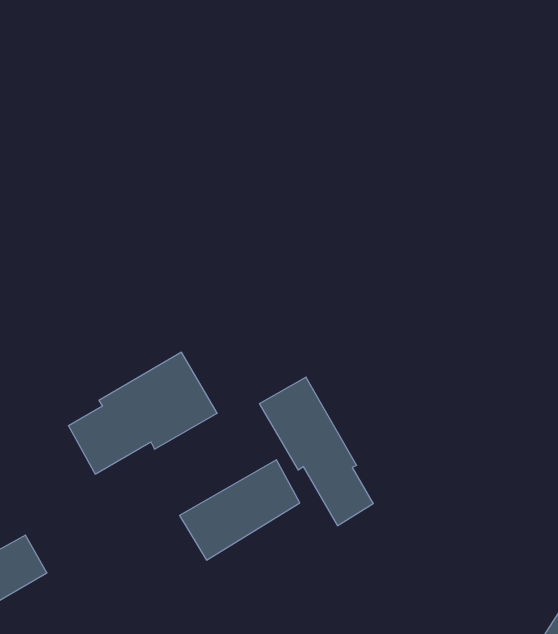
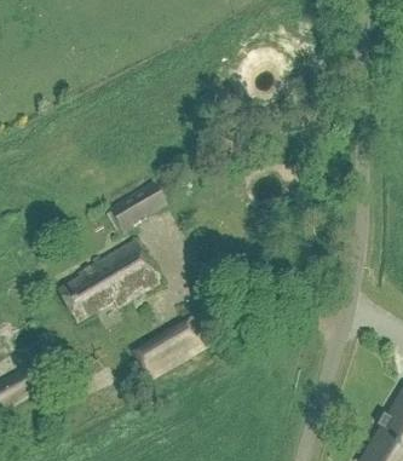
building: none -> [109,180,168,234]
building: [260,377,373,526] -> none

